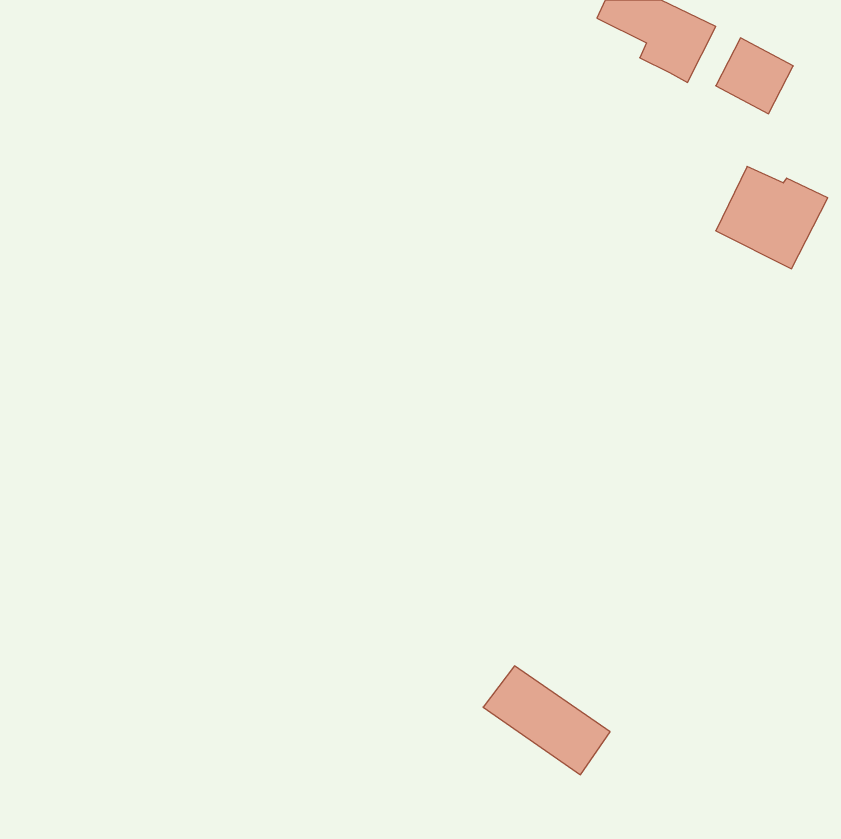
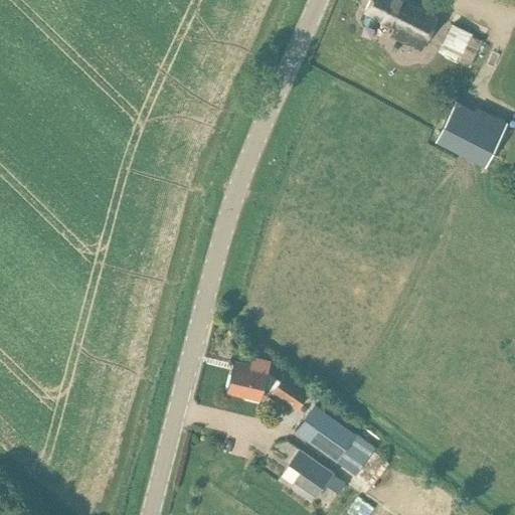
building: none -> [229,360,310,410]
building: none -> [289,450,335,499]

